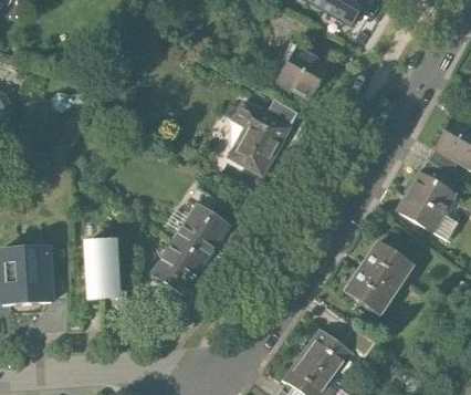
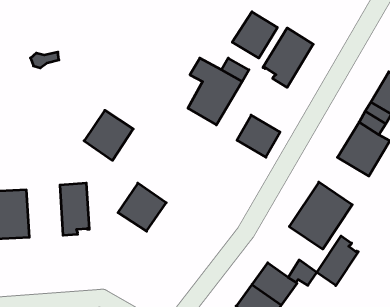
building: none -> [263,28,313,87]
building: none -> [237,115,280,157]
building: [172,206,228,262] -> [84,110,133,160]
building: none -> [317,236,358,286]

